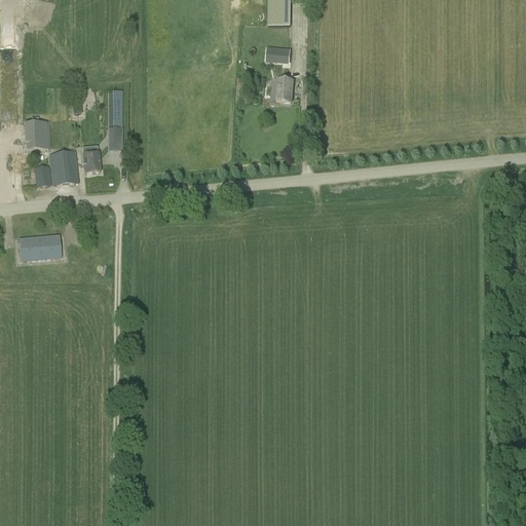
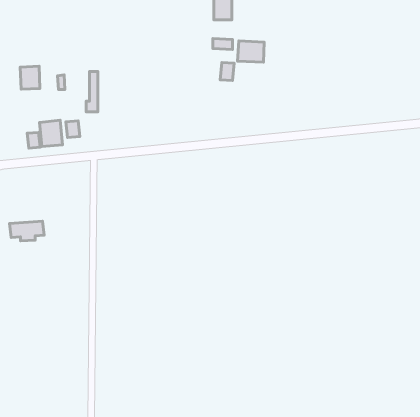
building: none -> [238,41,264,62]
building: [26,119,50,148] -> [20,66,40,89]
building: [17,234,61,259] -> [10,221,44,241]

